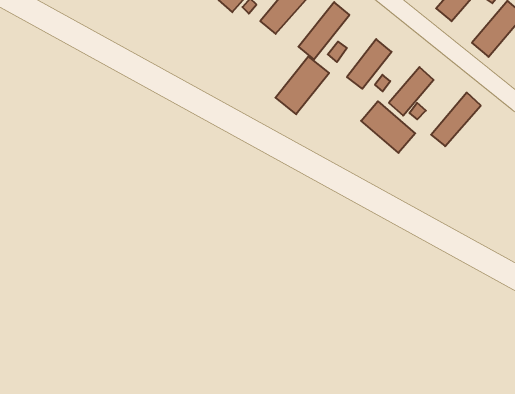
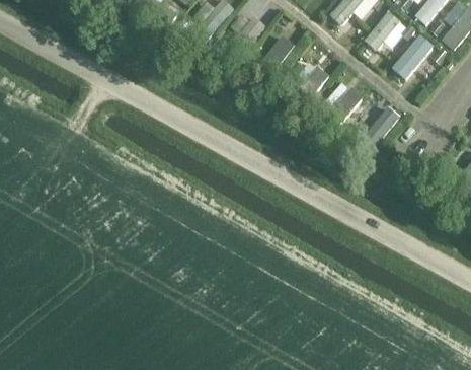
building: [275,56,329,114] -> none
building: [361,101,415,153] -> none

